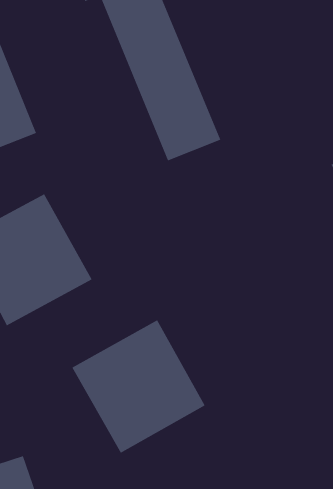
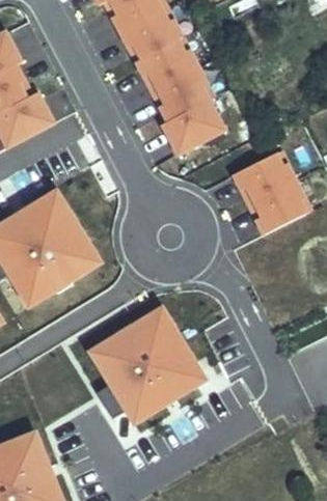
building: none -> [230,146,311,233]

